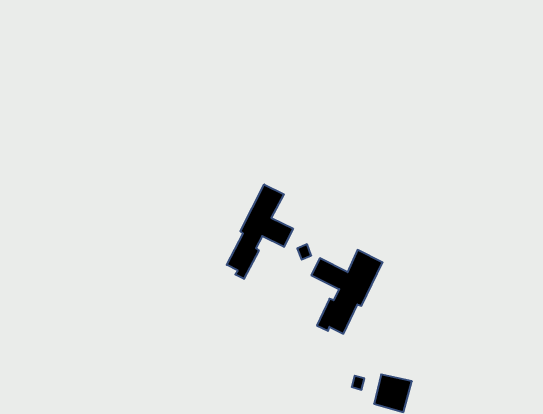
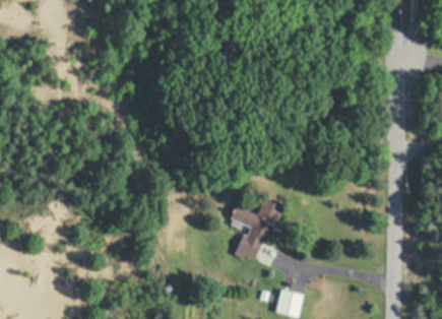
building: [227,184,293,279] -> none

